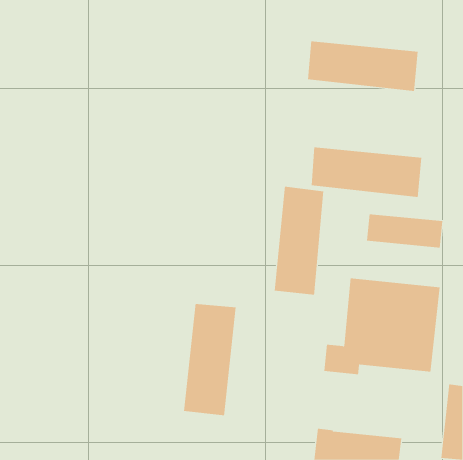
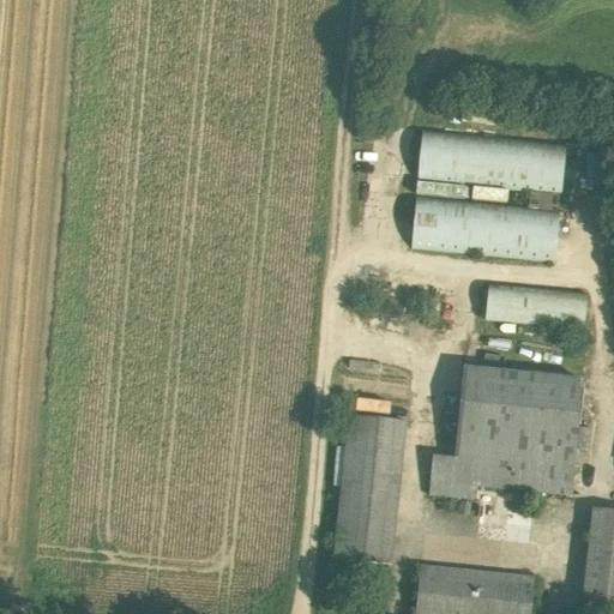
building: [307,41,418,91] -> [417,127,565,194]
building: [274,186,324,296] -> none
building: [183,303,237,416] -> [335,416,405,565]

